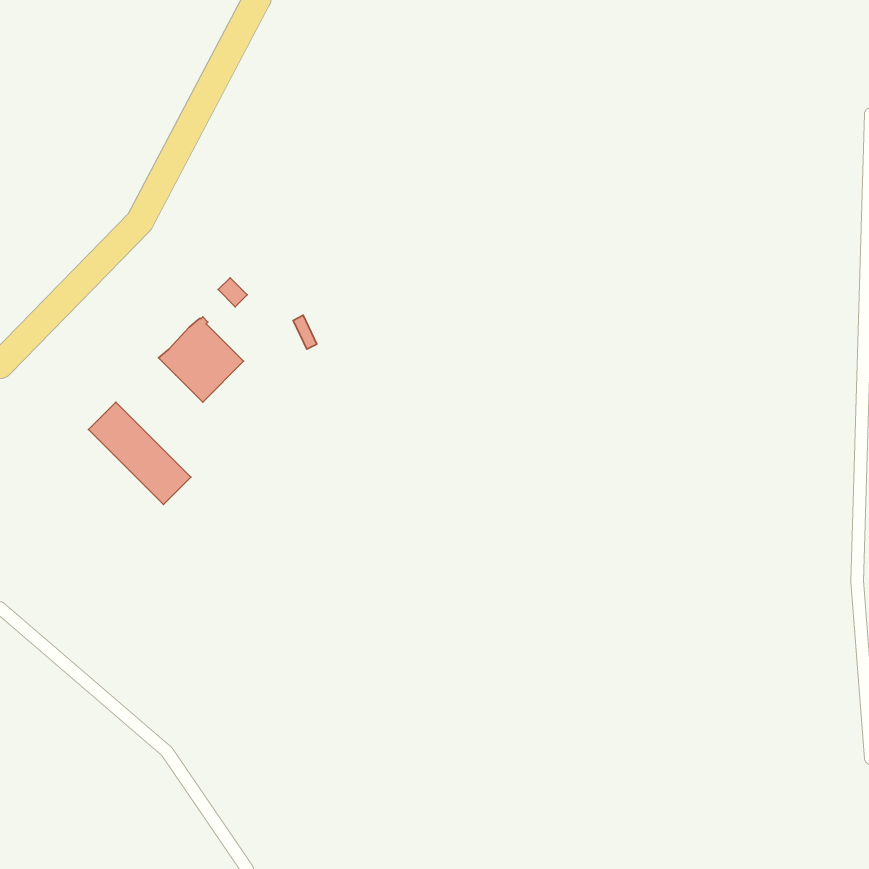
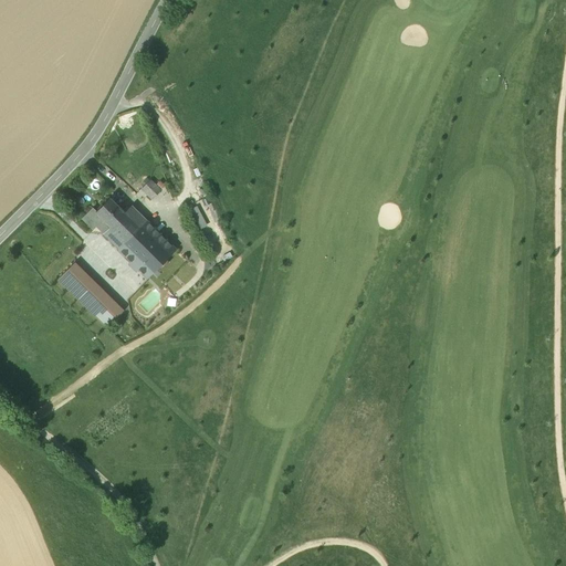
building: none -> [83,198,124,229]
building: none -> [133,234,174,275]

